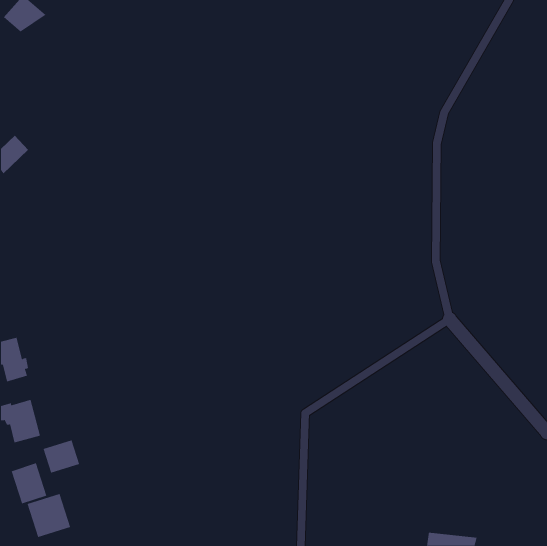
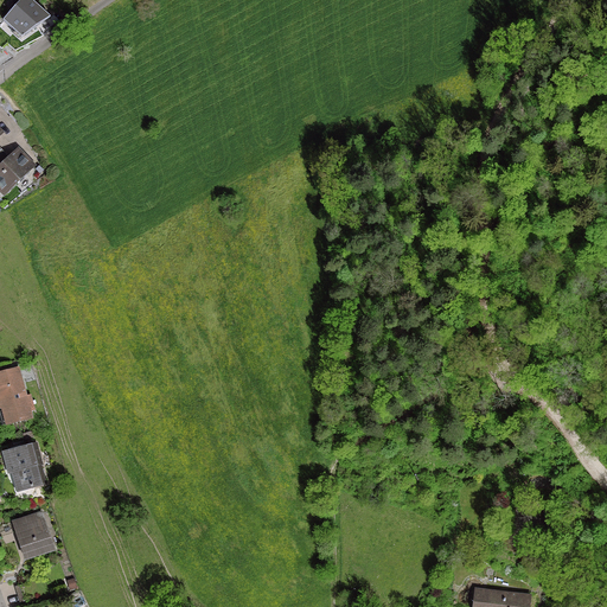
building: [43,439,80,474] -> none
building: [27,493,71,538] -> none

